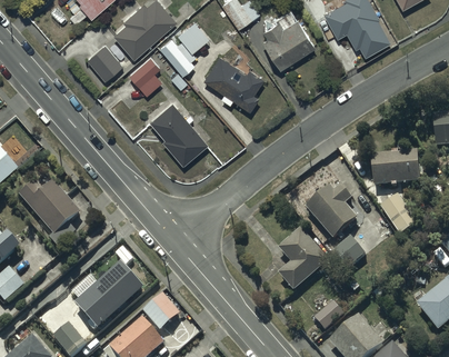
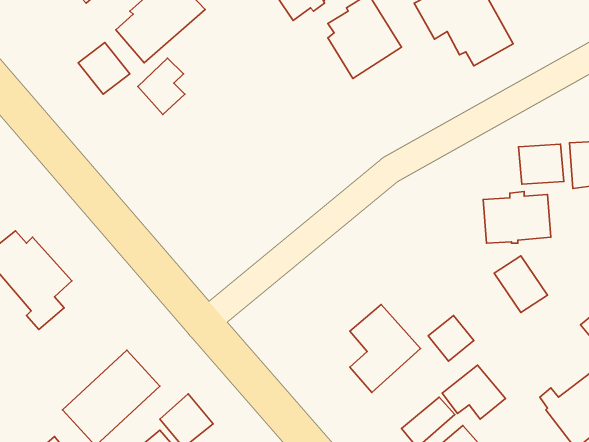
building: [159,19,208,73] -> none
building: [203,53,263,109] -> none
building: [149,100,208,163] -> none
building: none -> [518,144,564,184]
building: [306,185,358,238] -> none
building: none -> [442,365,506,419]

